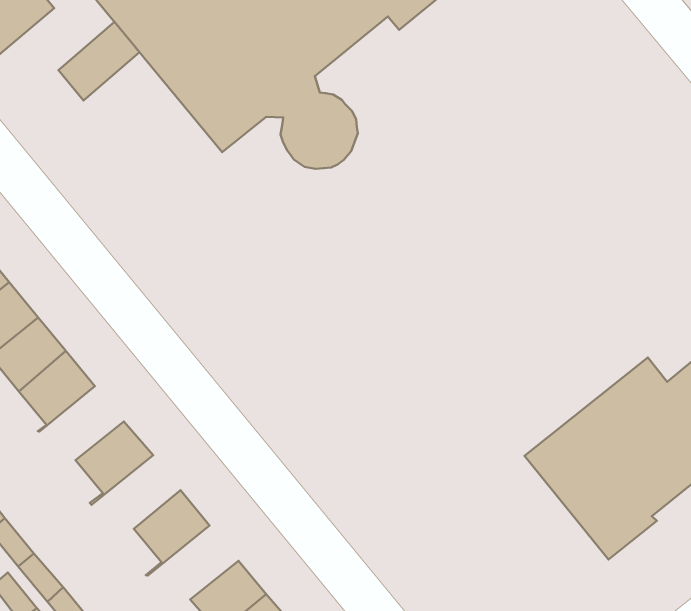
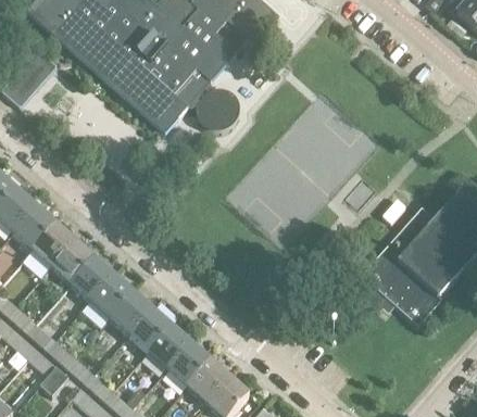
building: [58,22,140,101] -> none
building: none -> [85,274,131,317]
building: none -> [121,307,170,351]
building: none -> [159,342,209,386]

